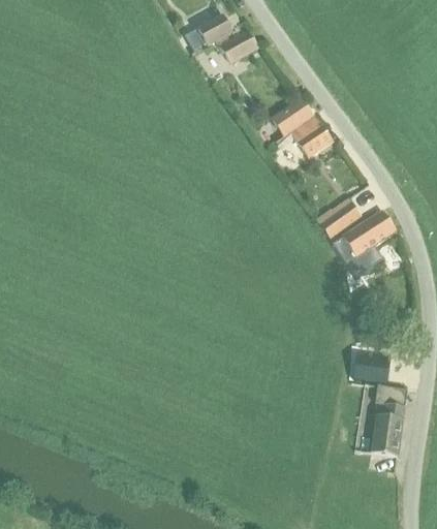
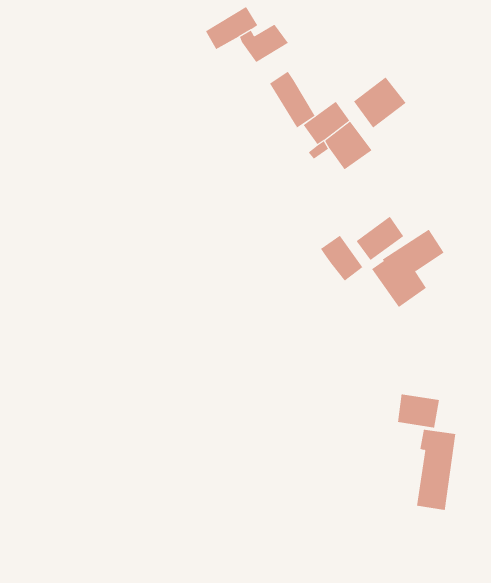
building: none -> [269,71,315,128]
building: none -> [353,77,406,129]
building: none -> [320,235,363,281]

